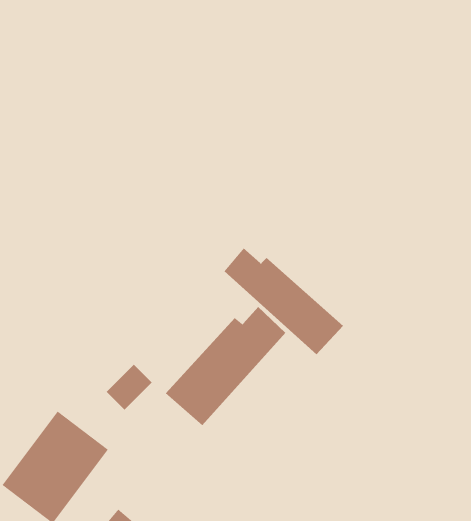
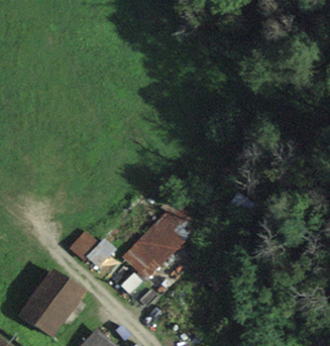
building: [223,247,344,355] -> none

